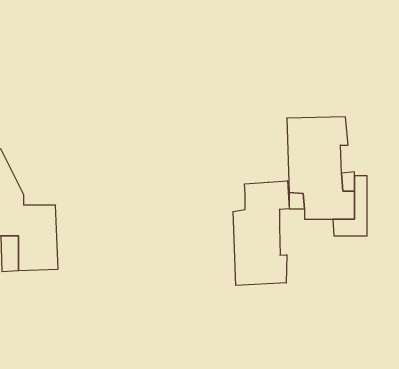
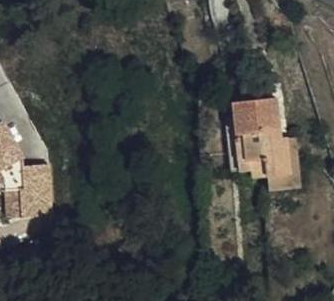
building: [233,181,289,285] -> none

